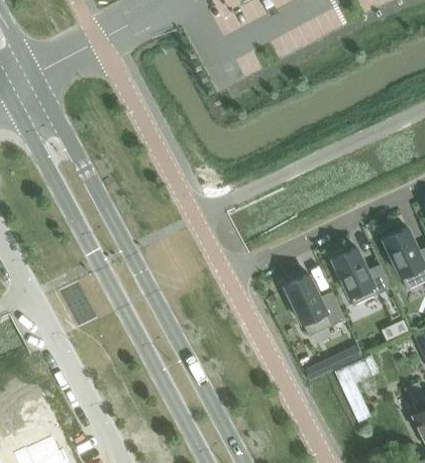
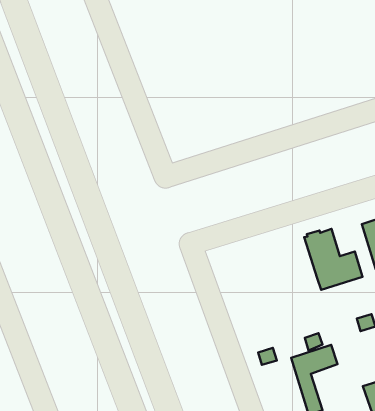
building: [284,275,344,337] -> none

